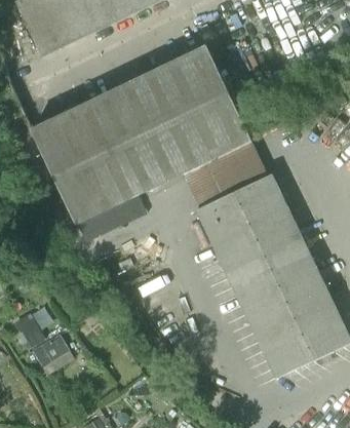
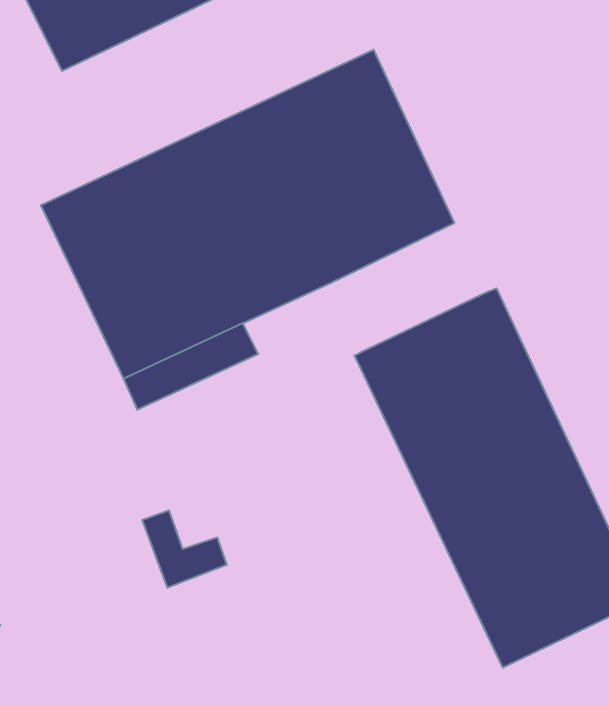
building: [183,138,266,206] -> none
building: [25,320,70,361] -> [142,511,227,588]

